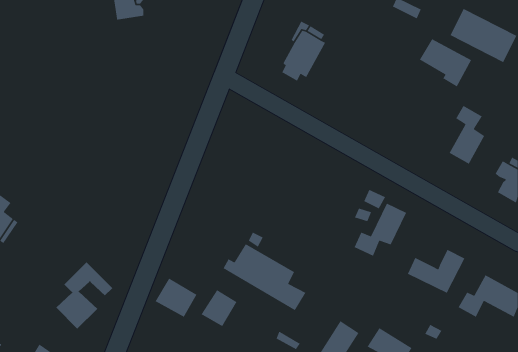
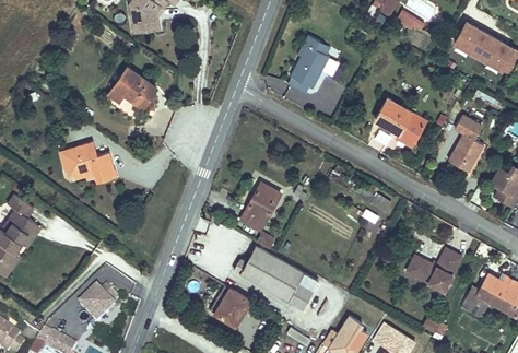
building: [419,38,472,88] -> [373,98,423,145]
building: none -> [107,68,156,107]
building: none -> [57,139,110,179]
building: none -> [240,180,281,230]
building: [353,203,407,257] -> none
building: [154,278,198,318] -> none

